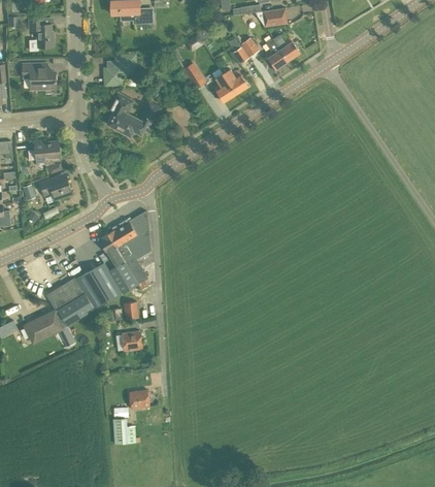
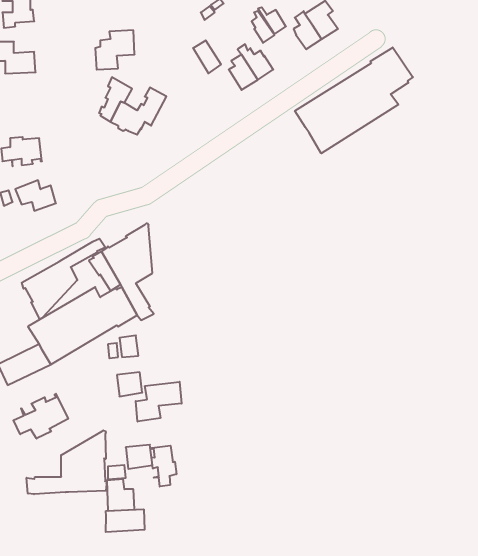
building: none -> [295,47,413,153]
building: none -> [22,239,105,319]
building: none -> [136,382,182,422]
building: none -> [13,394,68,439]
building: none -> [27,430,107,494]
building: none -> [151,446,176,487]
building: none -> [106,509,145,532]

